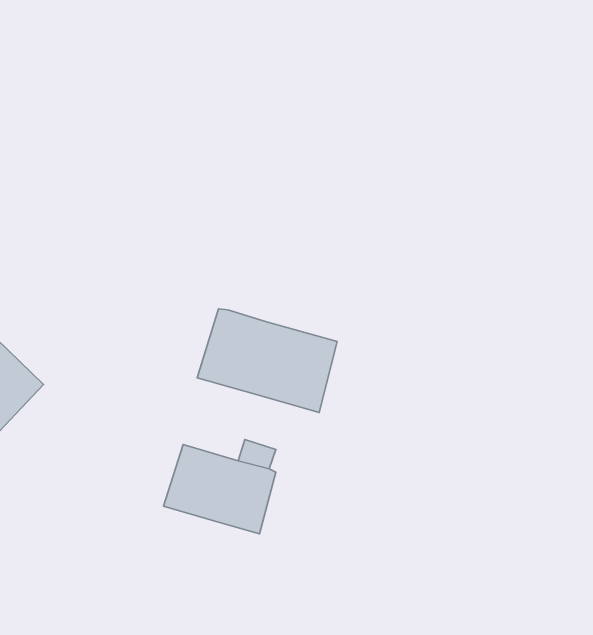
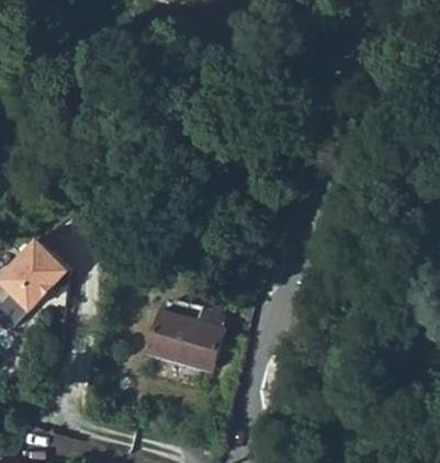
building: [197,309,337,412] -> none

